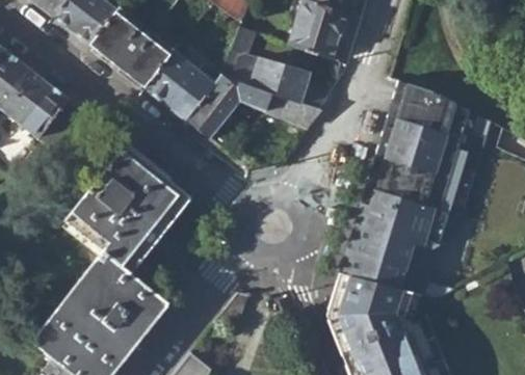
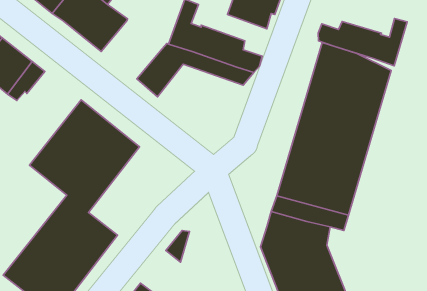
building: none -> [318,19,407,66]
building: [146,53,215,119] -> none

